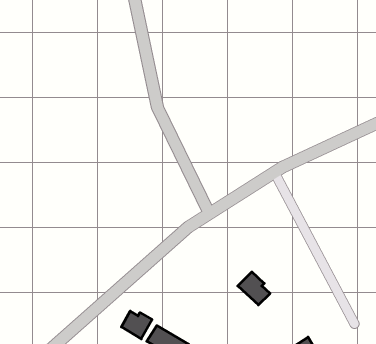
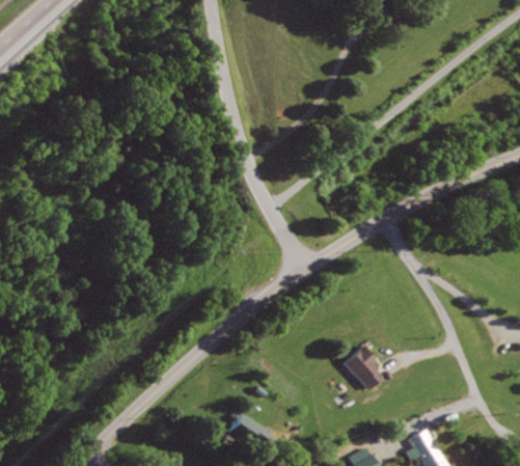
building: [121,311,152,339] -> none

